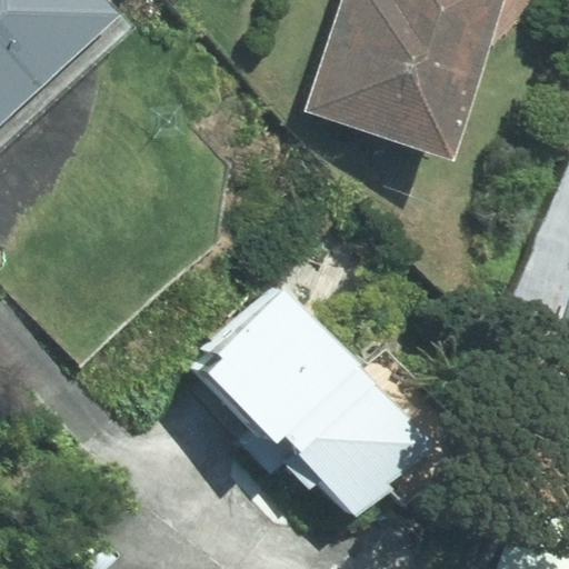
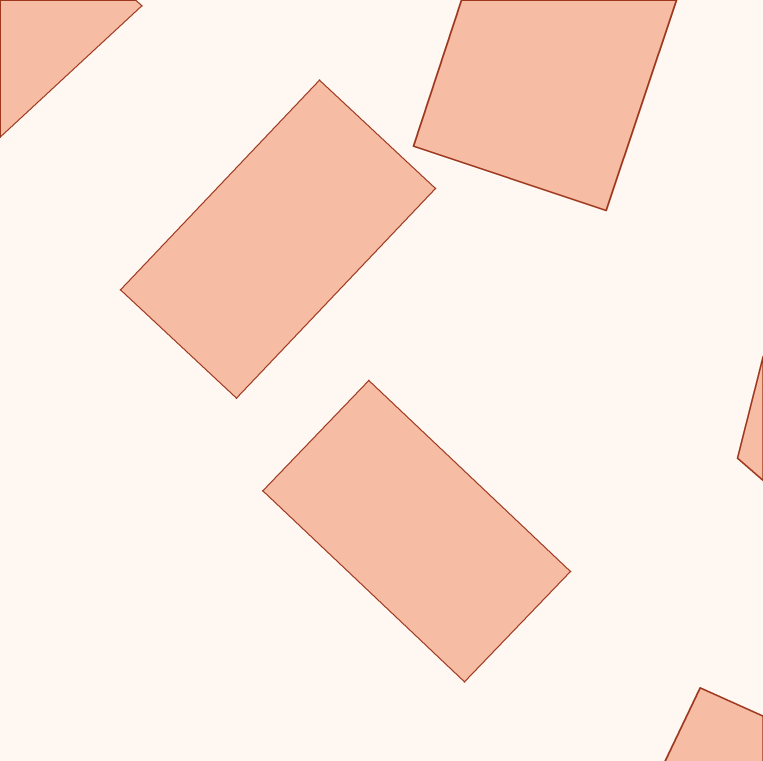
building: none -> [121,80,435,398]

